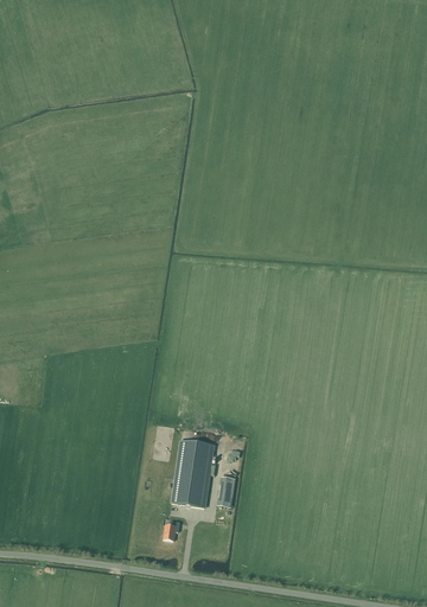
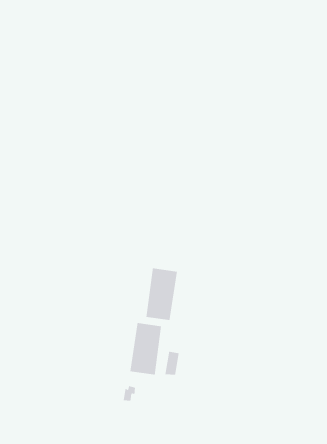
building: none -> [146,267,178,321]

